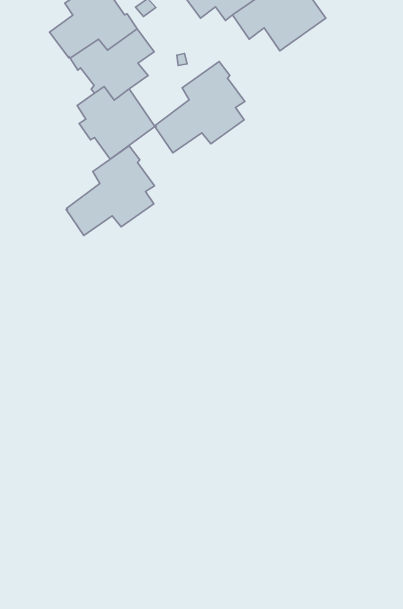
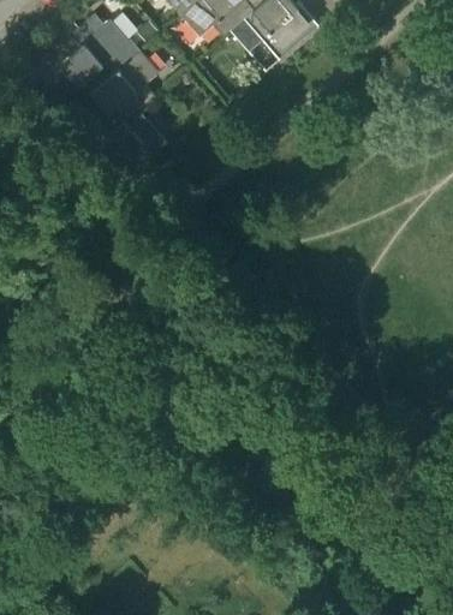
building: [155,61,245,153] -> none
building: [66,146,155,236] -> none

